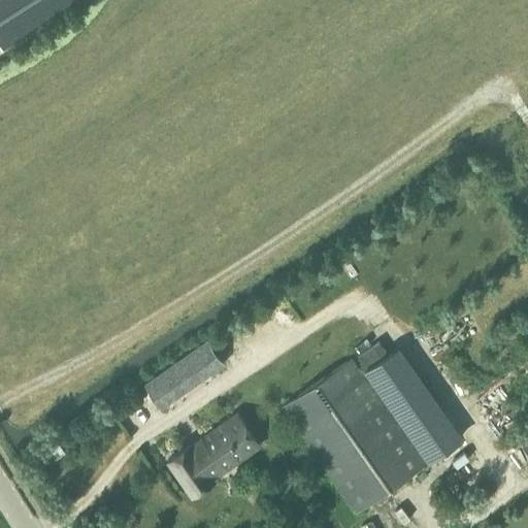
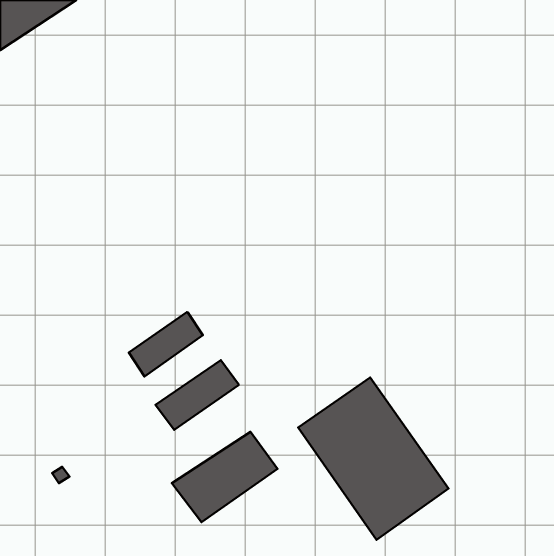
building: none -> [129,312,203,376]
building: [367,350,460,461] -> none

